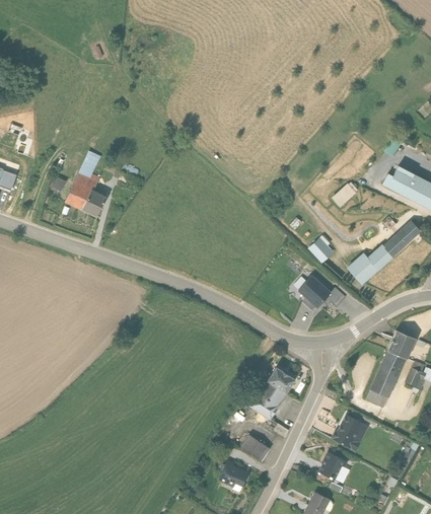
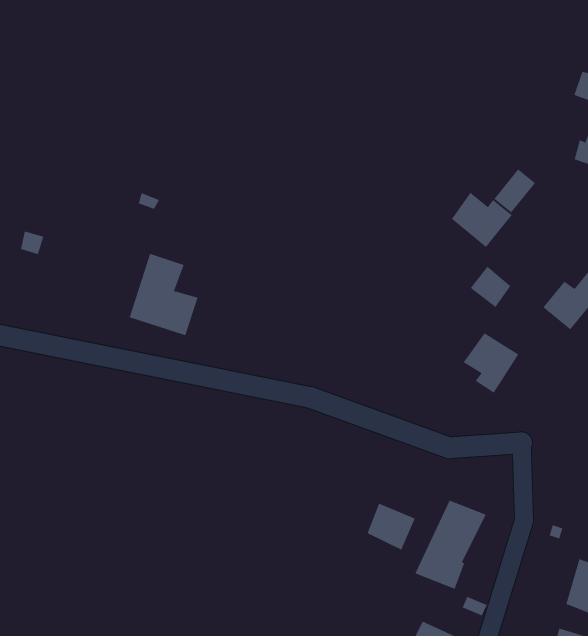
building: [61,165,103,217] -> [129,253,199,336]
building: none -> [451,192,513,248]
building: none -> [367,503,415,550]

